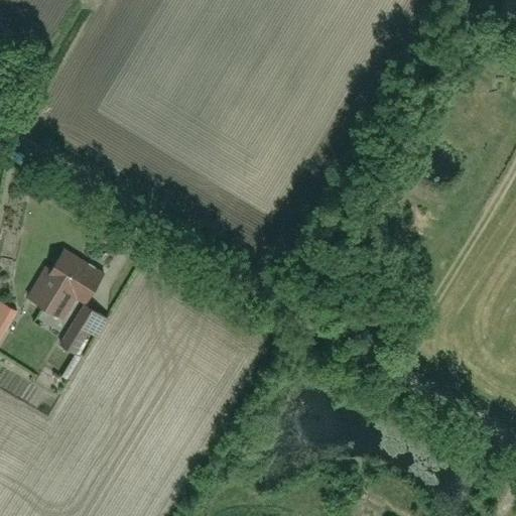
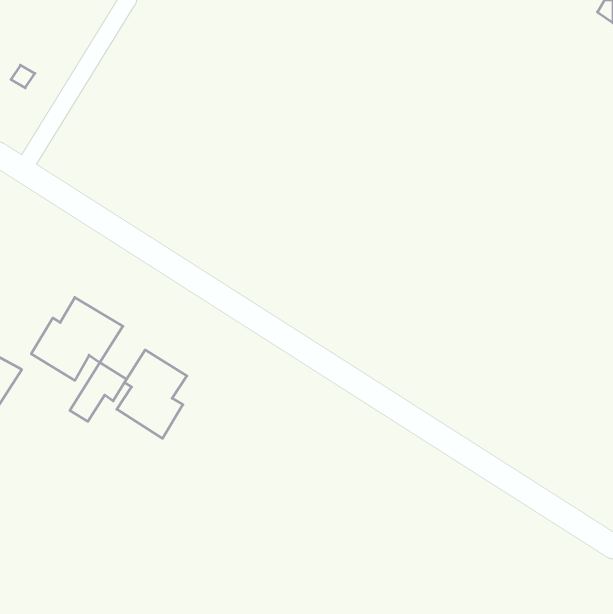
building: none -> [117,350,187,438]

